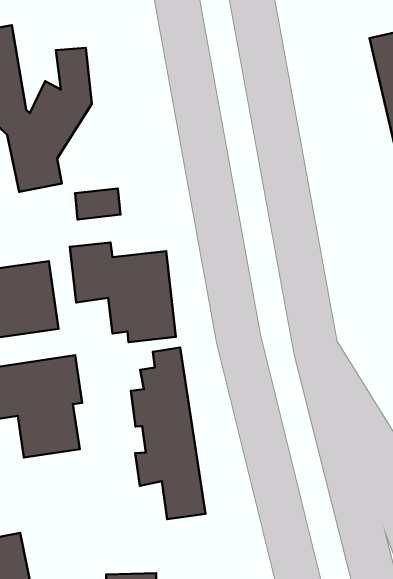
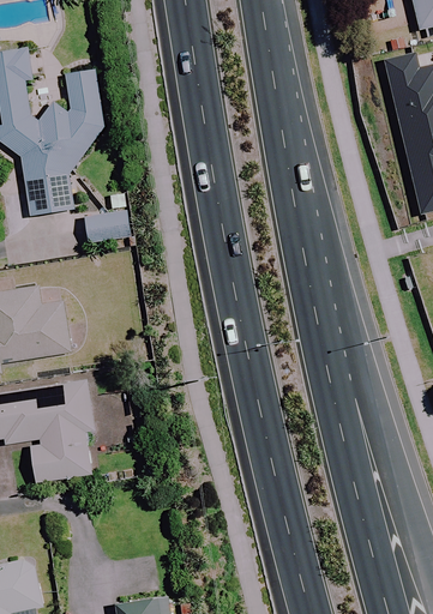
building: [70,242,176,342] -> none
building: [131,347,206,519] -> none

